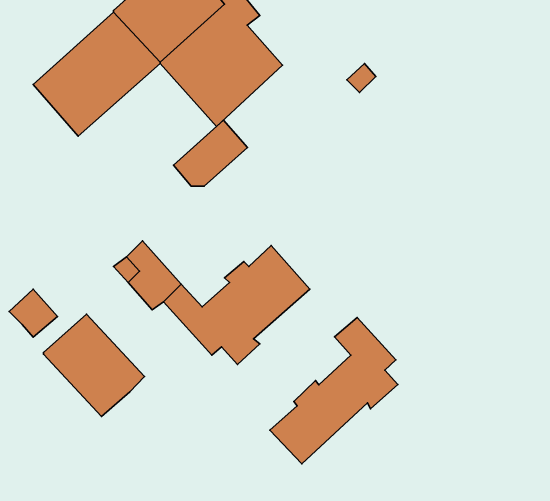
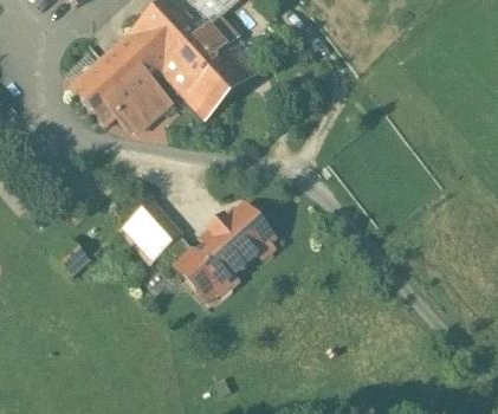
building: [174,120,247,186] -> [115,80,169,129]
building: [43,314,145,416] -> none
building: [270,318,398,464] -> none

